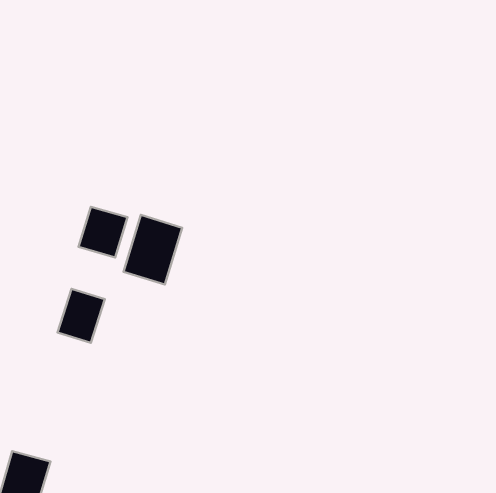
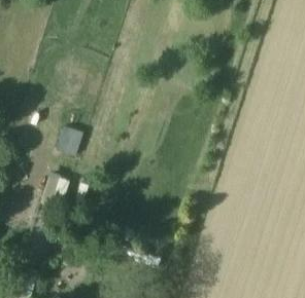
building: [124,215,182,285] -> none

